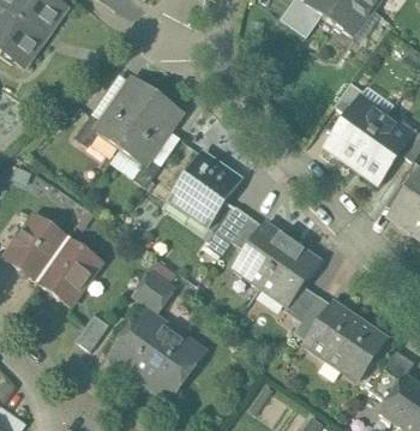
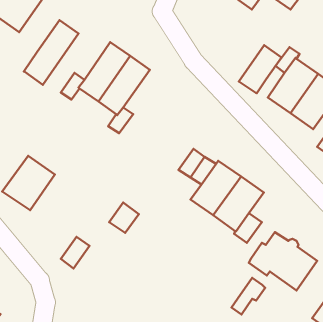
building: none -> [24,20,79,85]
building: none -> [239,45,281,93]
building: [170,151,240,223] -> none
building: [37,237,101,304] -> none
building: [293,294,334,339] -> [231,278,265,315]
building: [116,313,200,395] -> none

